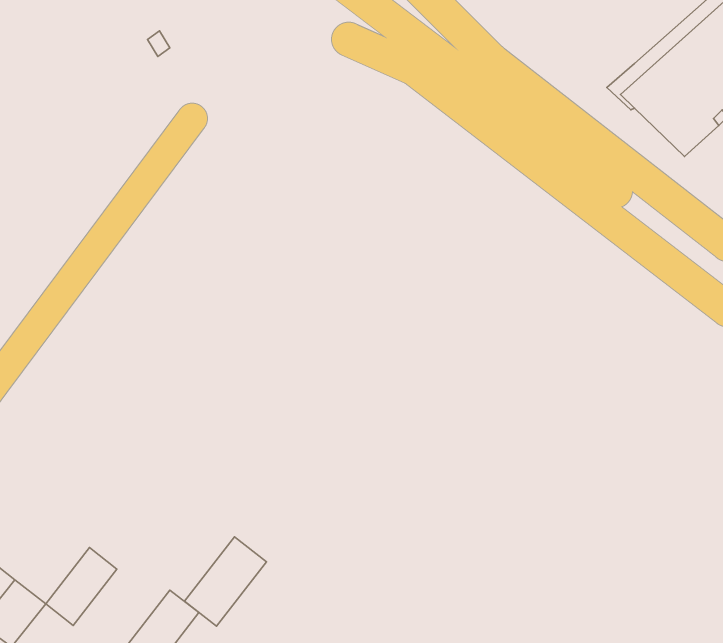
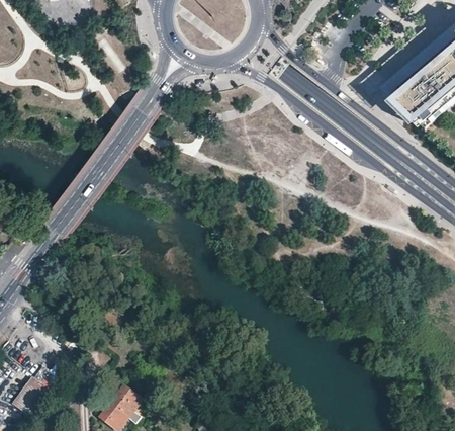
building: [185,537,266,626] -> none
building: [46,548,117,625] -> none

